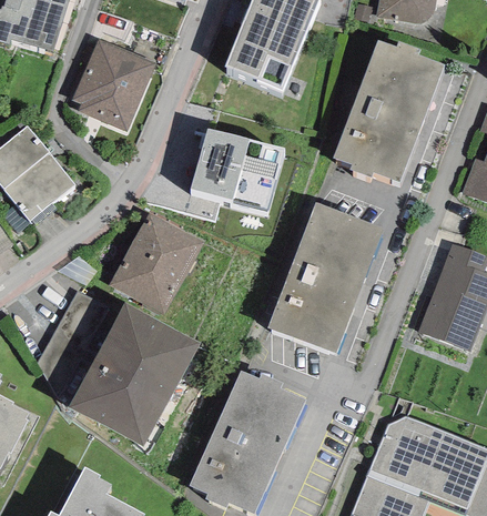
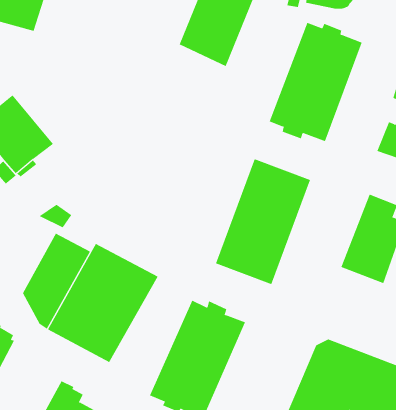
building: [71,38,156,132] -> none
building: [190,127,285,211] -> none
building: [110,212,203,315] -> none

